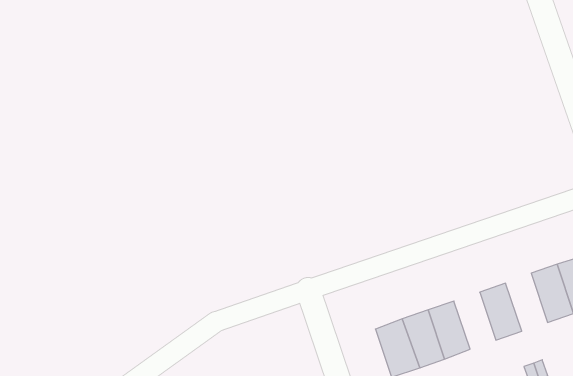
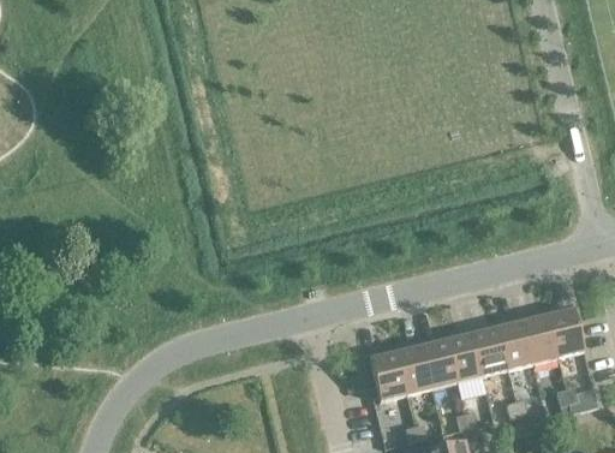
building: none -> [497,317,533,371]
building: none -> [447,330,483,383]

